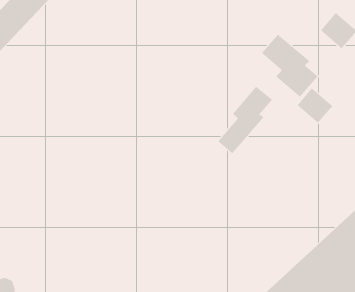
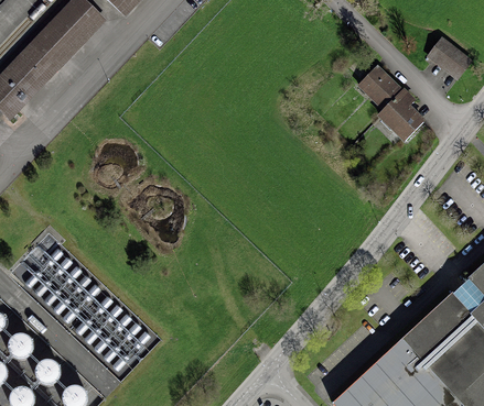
building: [217,86,273,154] -> none
building: [297,87,333,124] -> none

